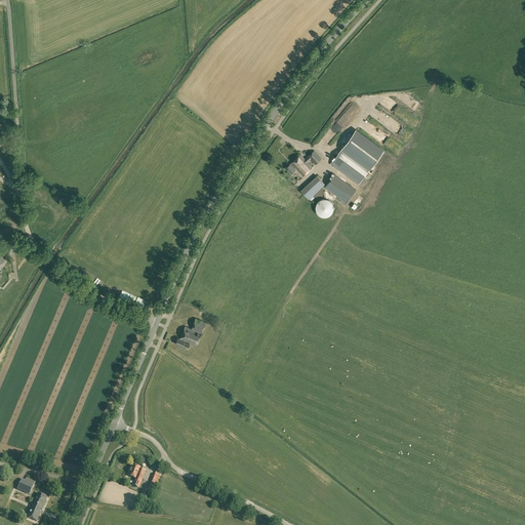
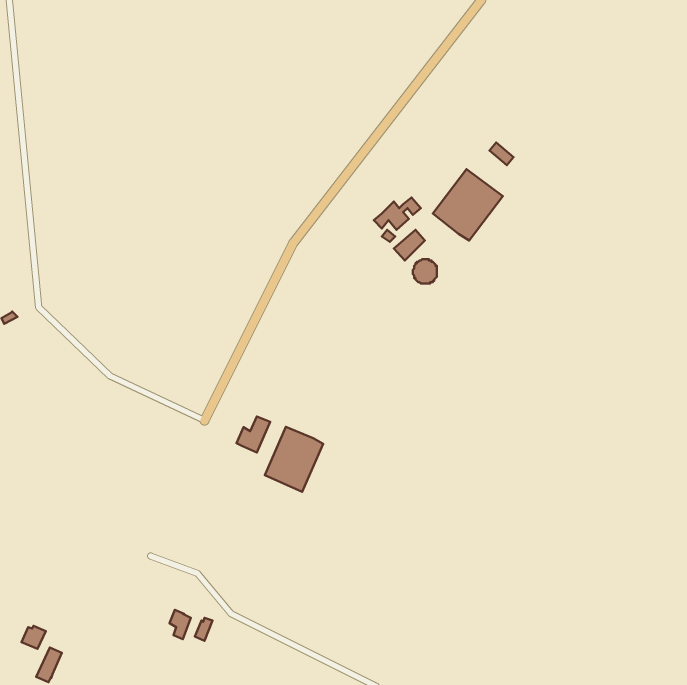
building: [325,174,355,203] -> none
building: none -> [265,427,323,492]

